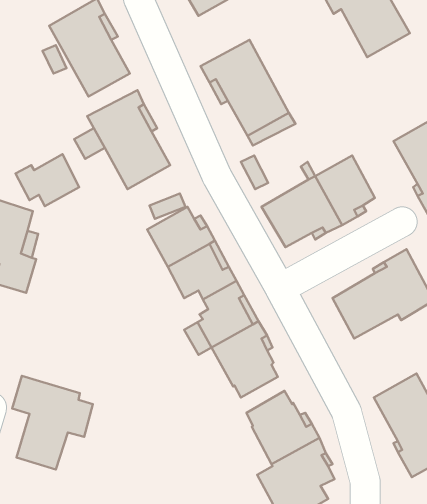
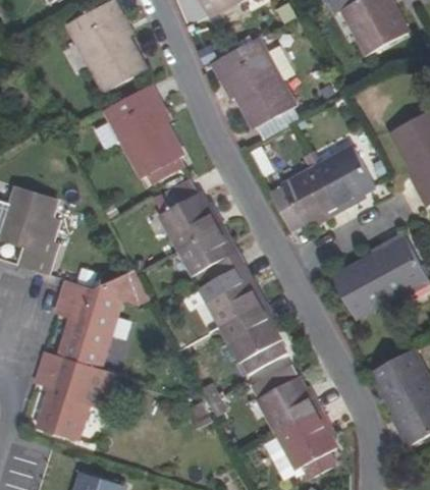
building: [15,154,79,206] -> none
building: none -> [55,268,147,368]

